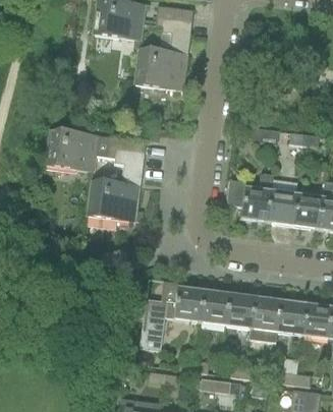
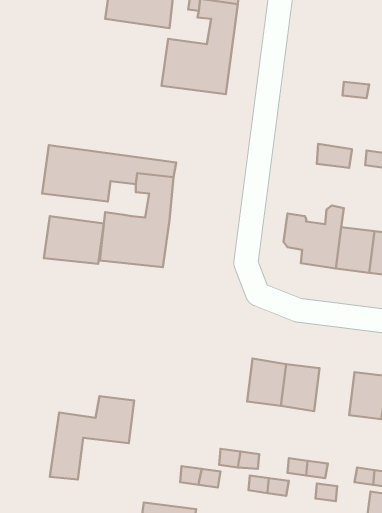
building: none -> [44,216,104,264]
building: [140,286,204,349] -> [50,396,134,480]
building: [249,296,281,341] -> none

